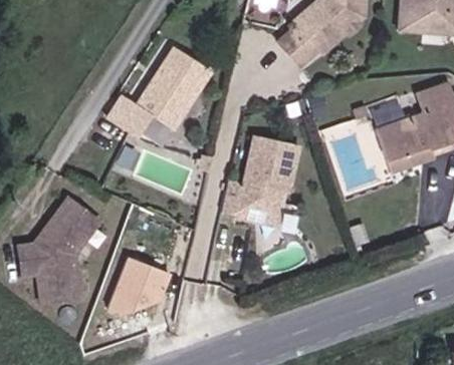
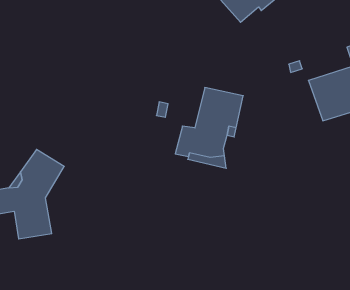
building: [107,48,209,138] -> none
building: [116,253,157,314] -> none

